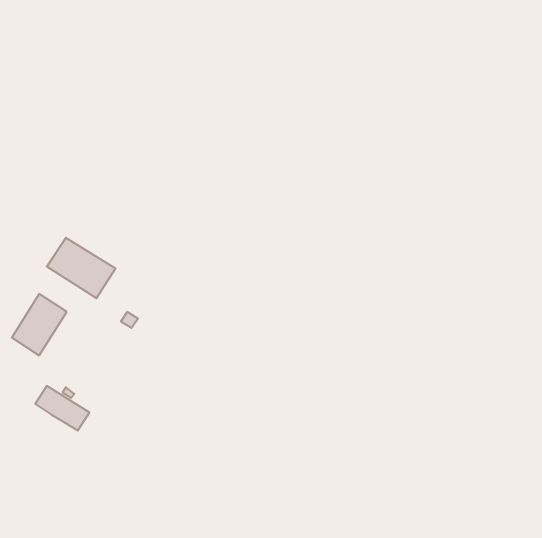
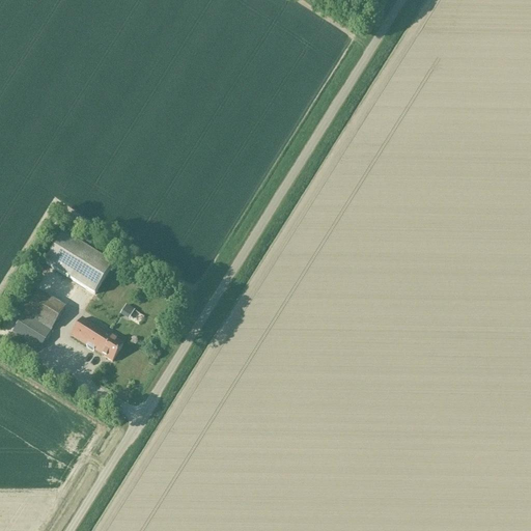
building: [35,386,89,431] -> [71,315,123,359]

